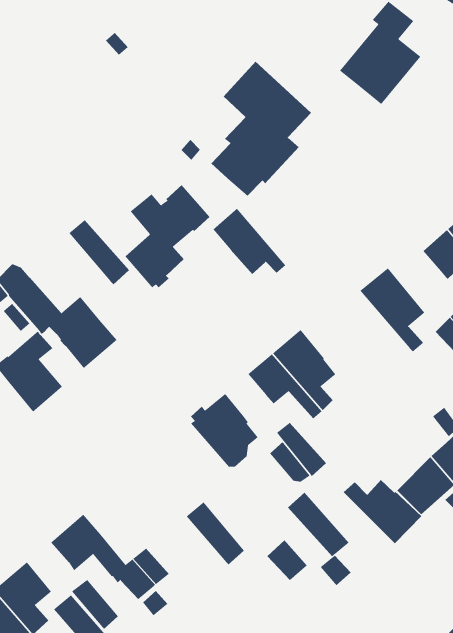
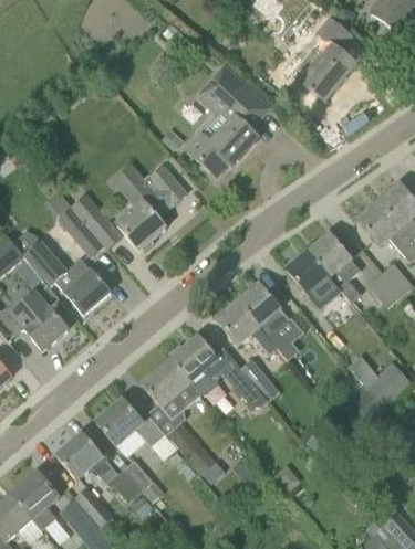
building: [212,208,286,275] -> [287,252,346,306]
building: none -> [59,205,104,255]
building: none -> [141,359,200,418]
building: none -> [95,399,164,445]
building: [343,479,422,544] -> none
building: [287,492,349,557] -> none

